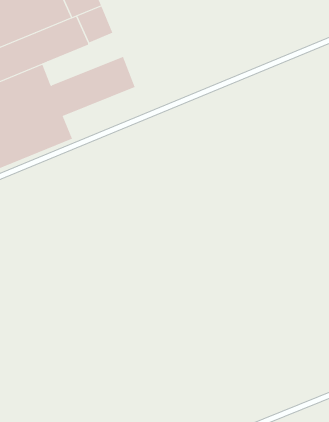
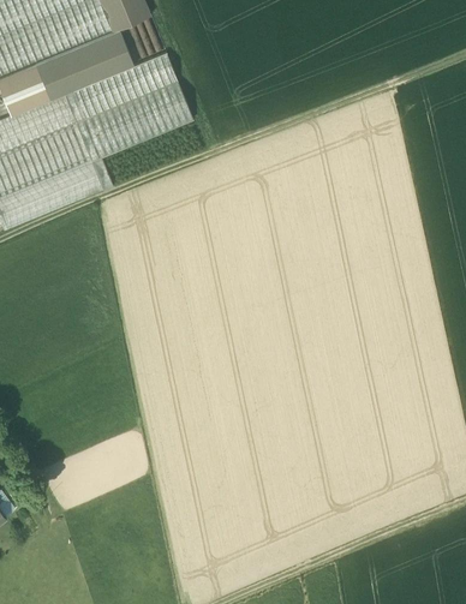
building: none -> [68,52,172,116]

